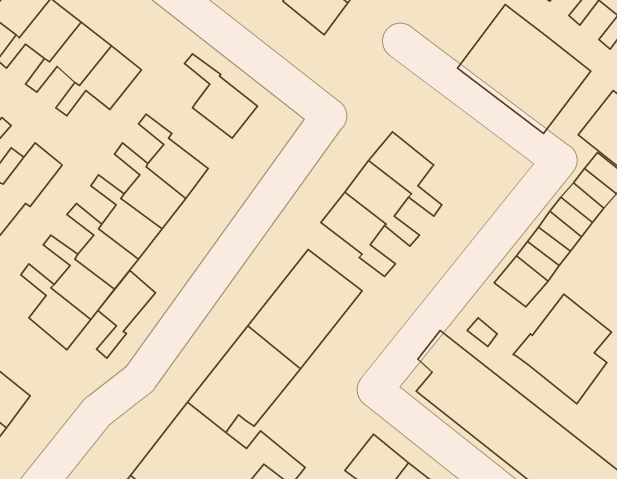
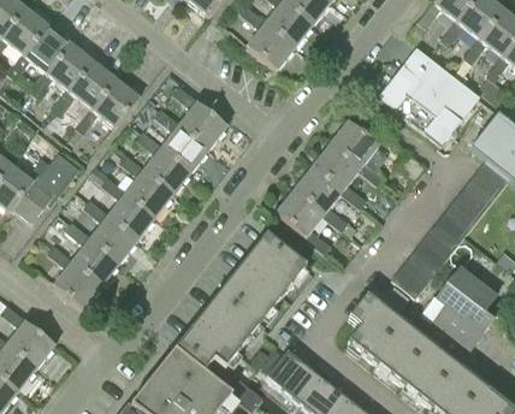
building: none -> [154,107,208,171]
building: none -> [330,119,385,184]
building: [96,270,155,358] -> none
building: none -> [391,258,431,296]
building: none -> [265,350,315,400]

